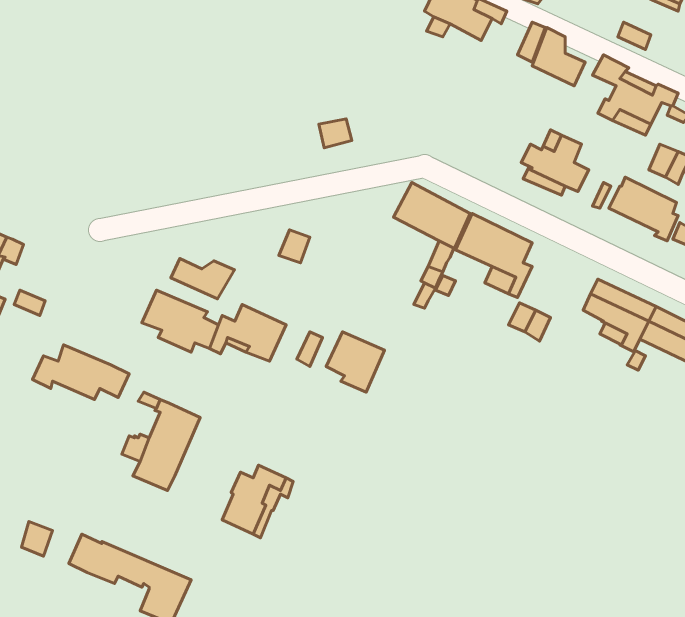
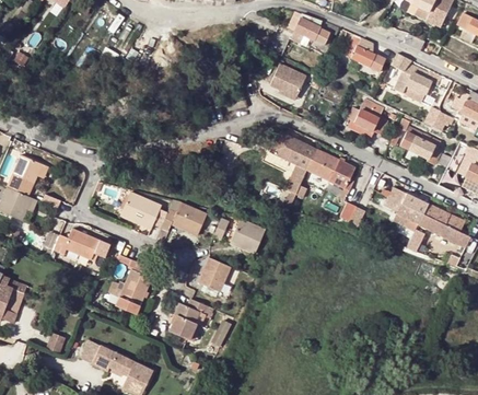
building: none -> [268,65,305,102]
building: [171,259,235,299] -> none
building: none -> [197,258,230,292]

